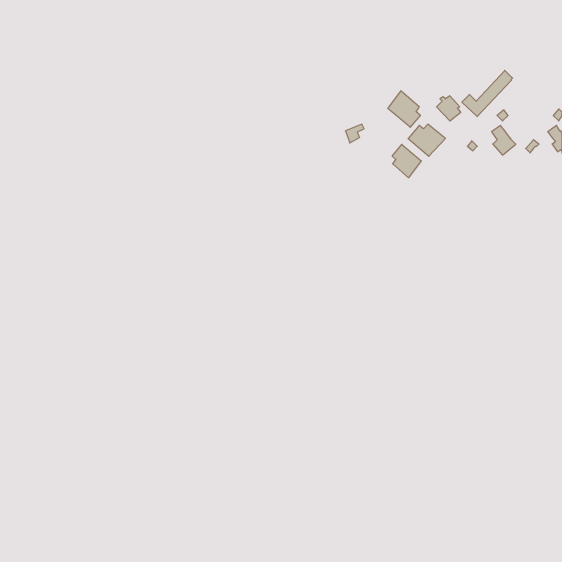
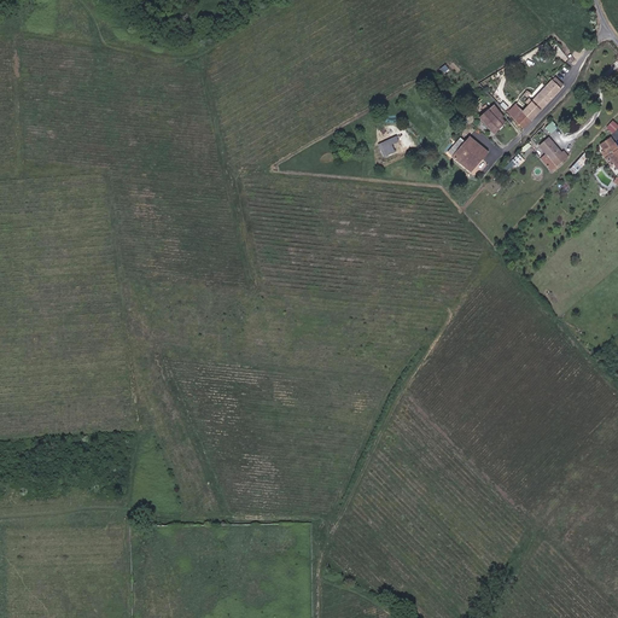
building: [388,91,420,127] -> none
building: [392,144,421,178] -> none

